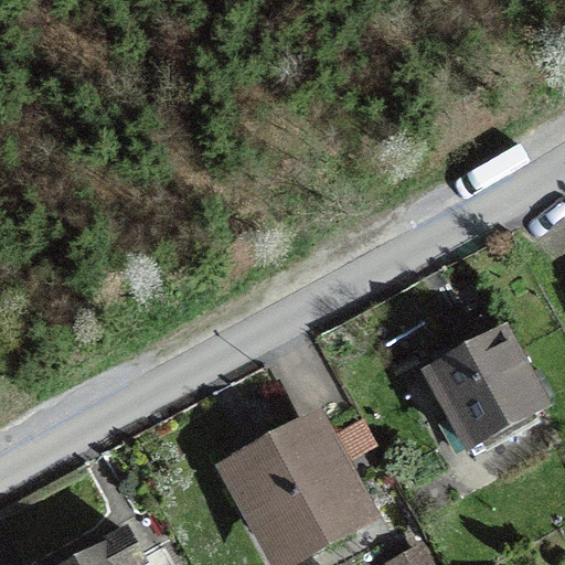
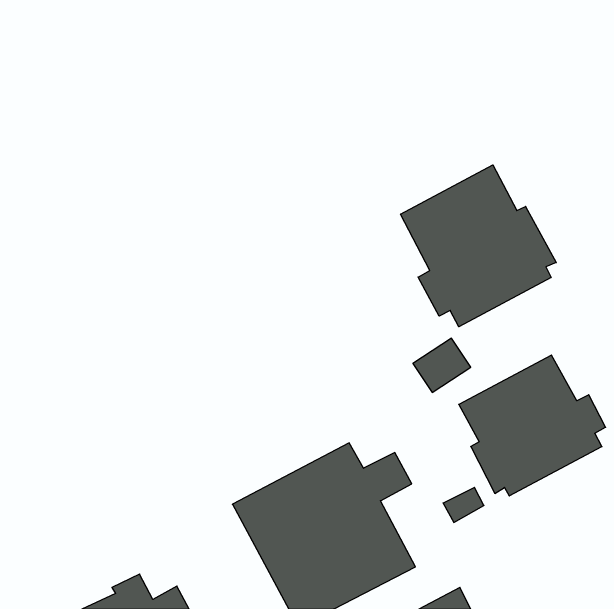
building: none -> [401,165,556,327]

